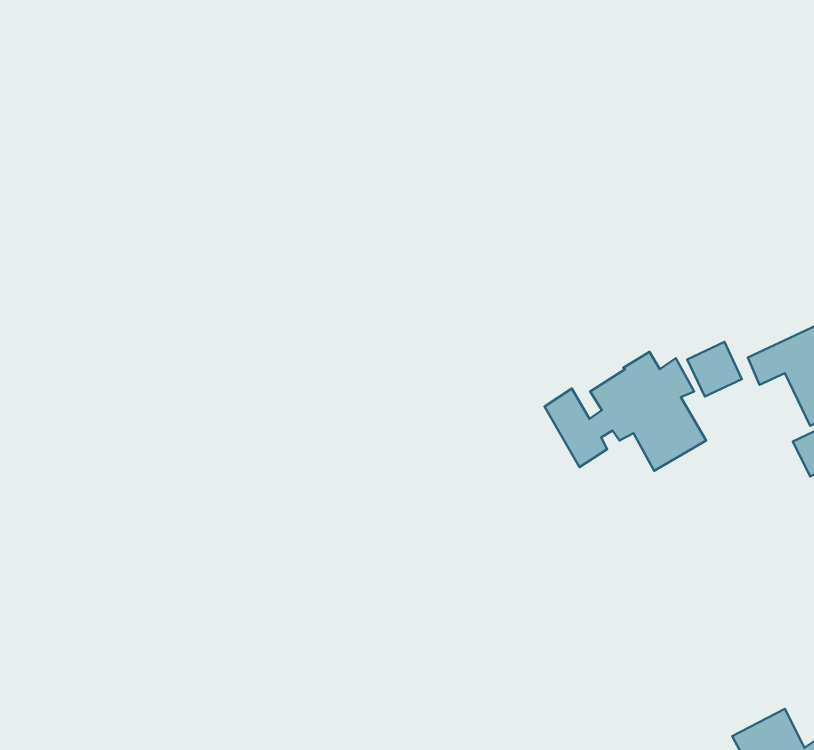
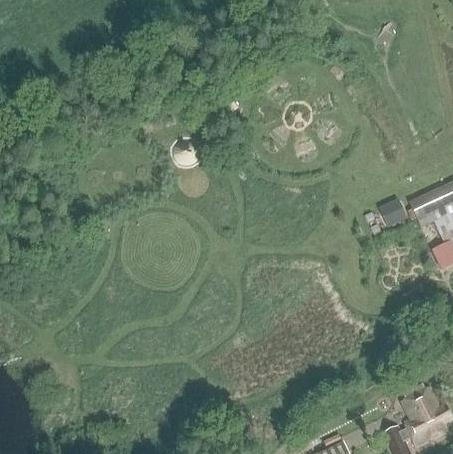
building: [545,352,706,471] -> none

